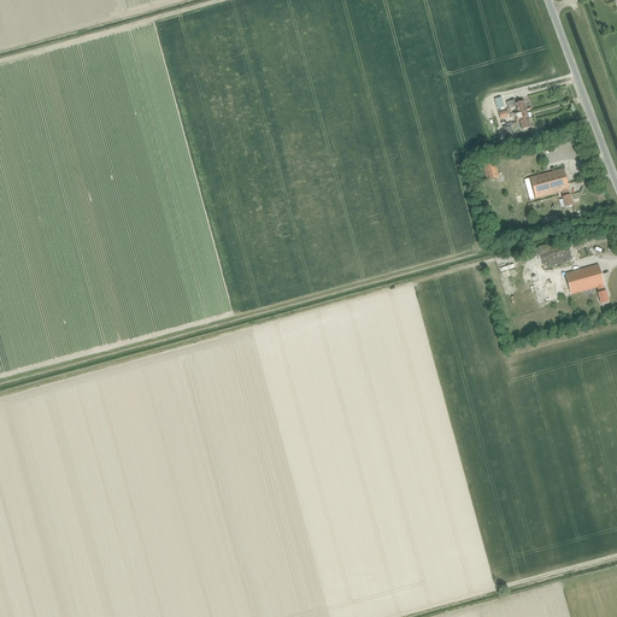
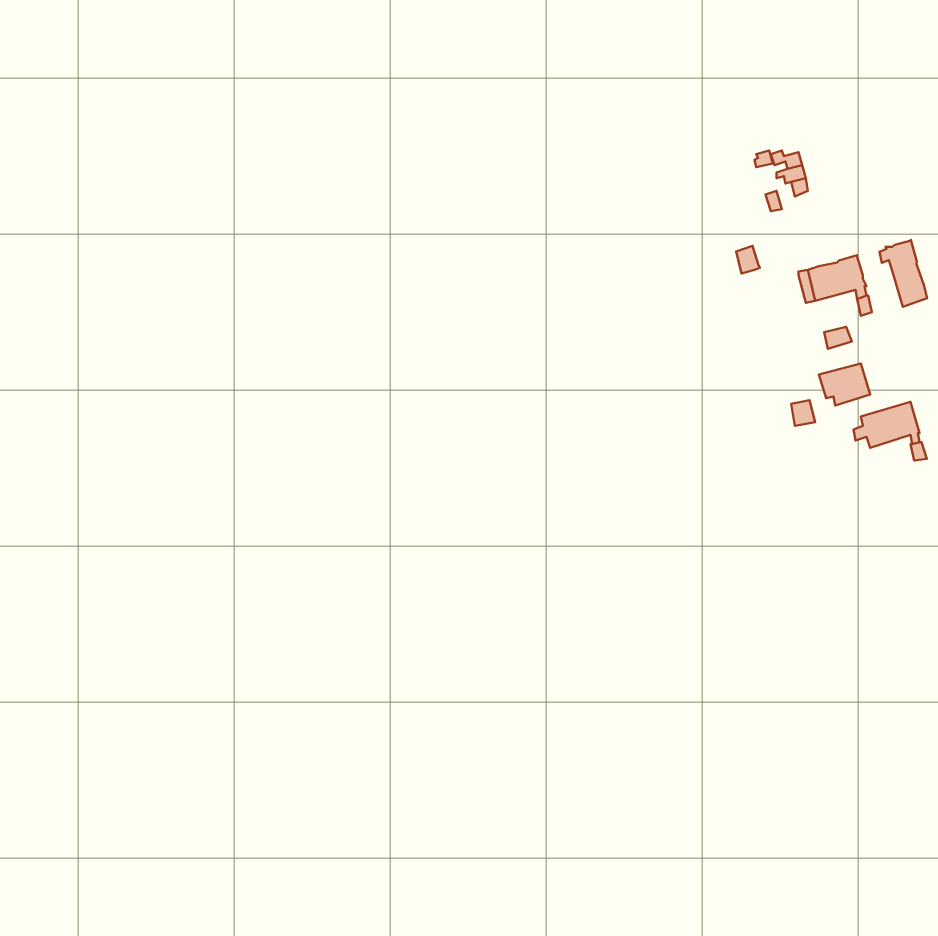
building: none -> [879,240,927,307]

